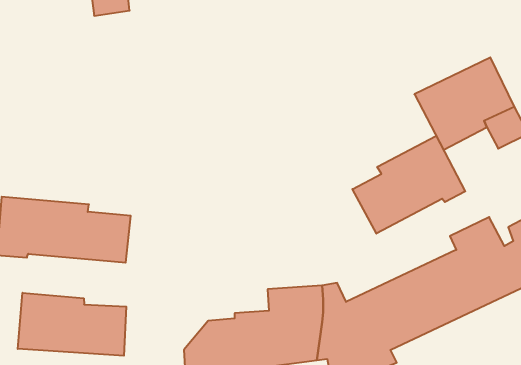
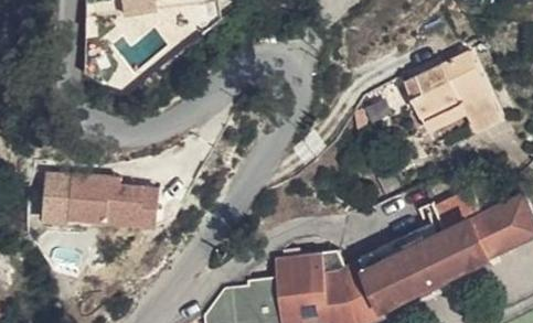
building: [352,136,465,234] -> none
building: [18,293,126,356] -> none

